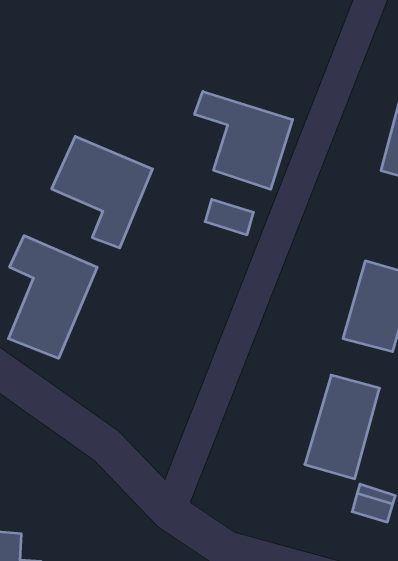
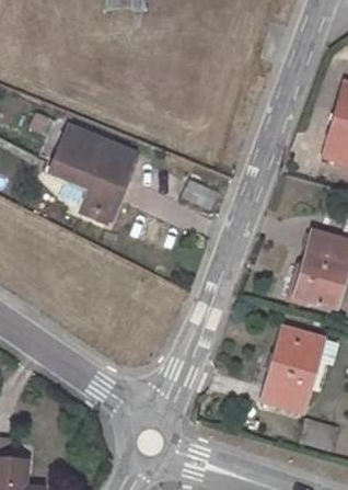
building: [195,91,293,189] -> none
building: [8,236,97,358] -> none

